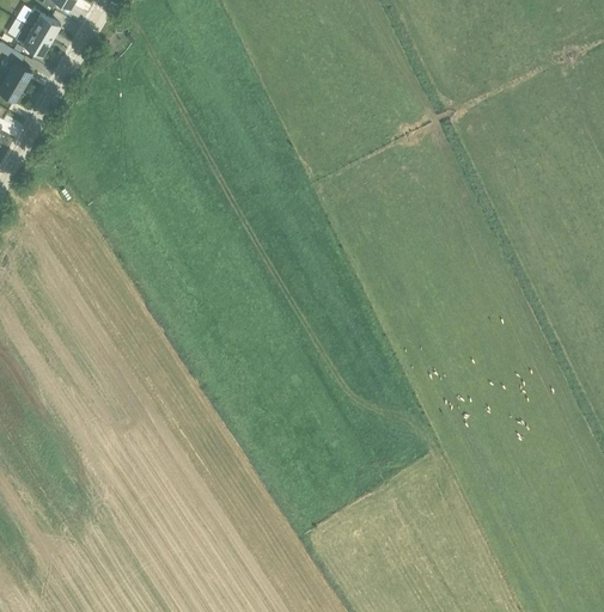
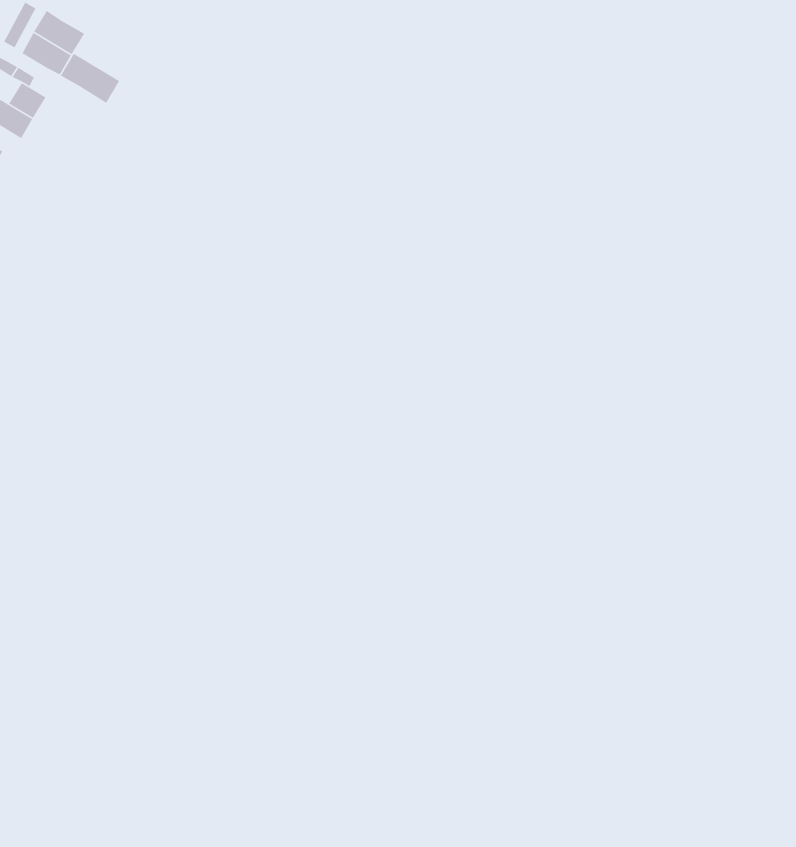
building: none -> [60,53,120,104]

